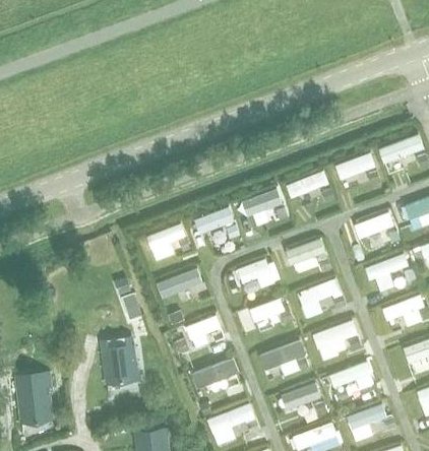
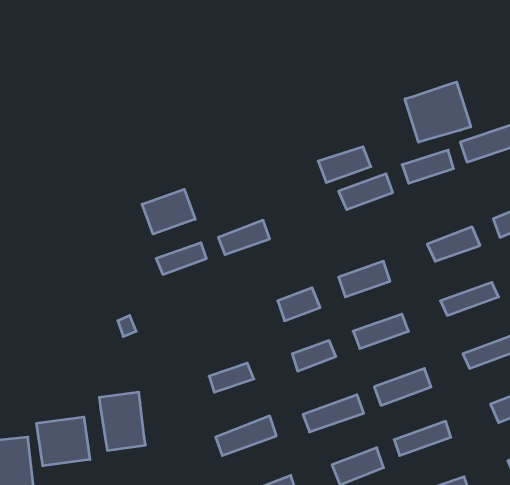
building: none -> [405,82,471,142]
building: none -> [142,189,195,234]
building: [241,189,282,216] -> [318,147,371,182]
building: [157,268,202,299] -> none
building: none -> [37,417,90,466]

